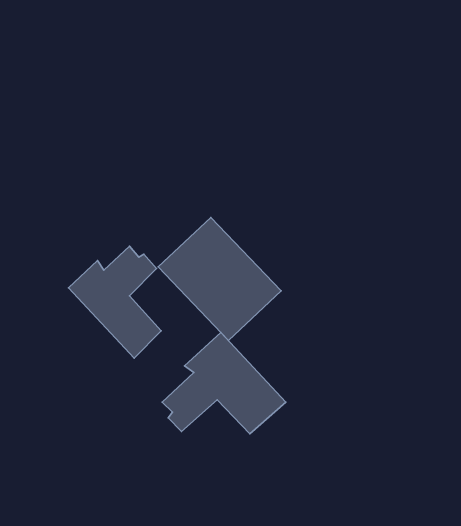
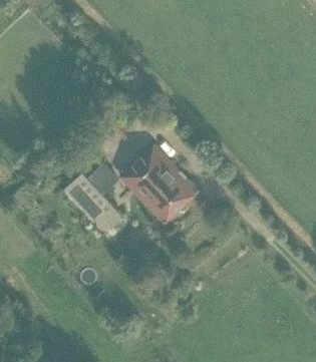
building: [162,332,286,434] -> none

